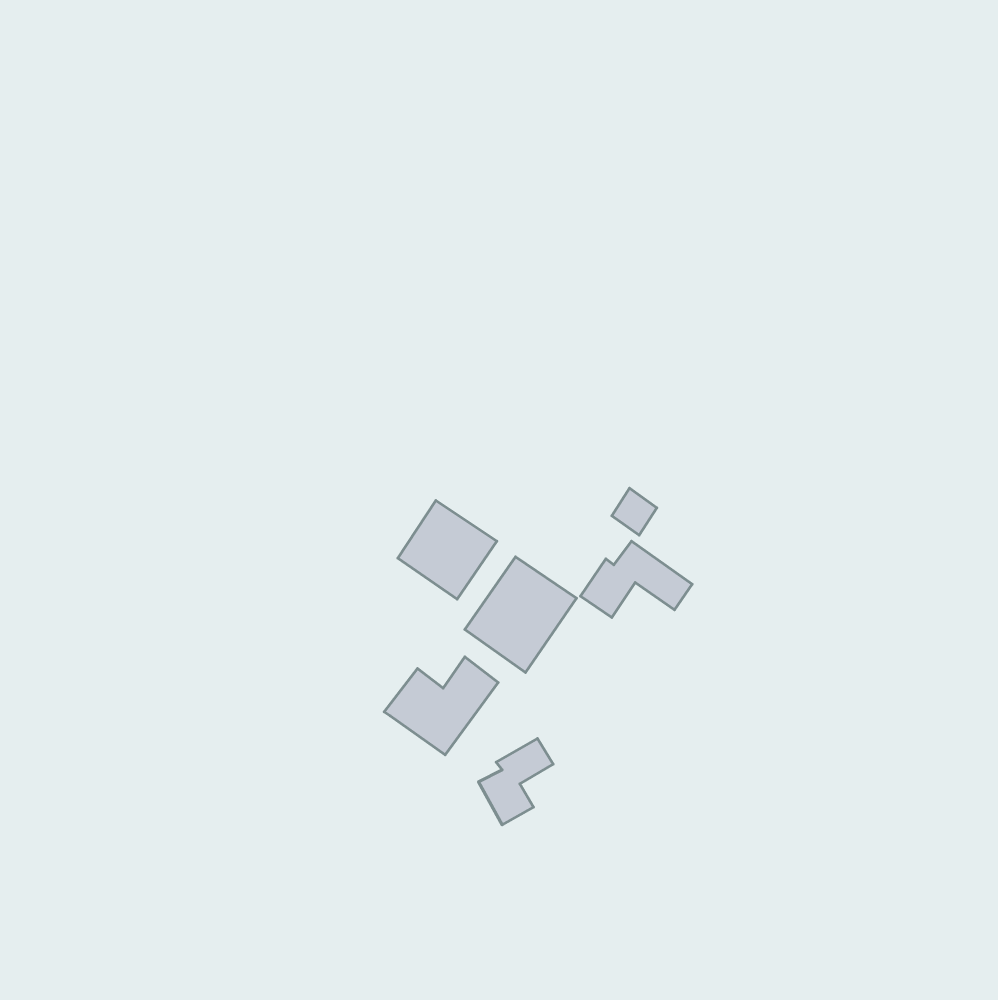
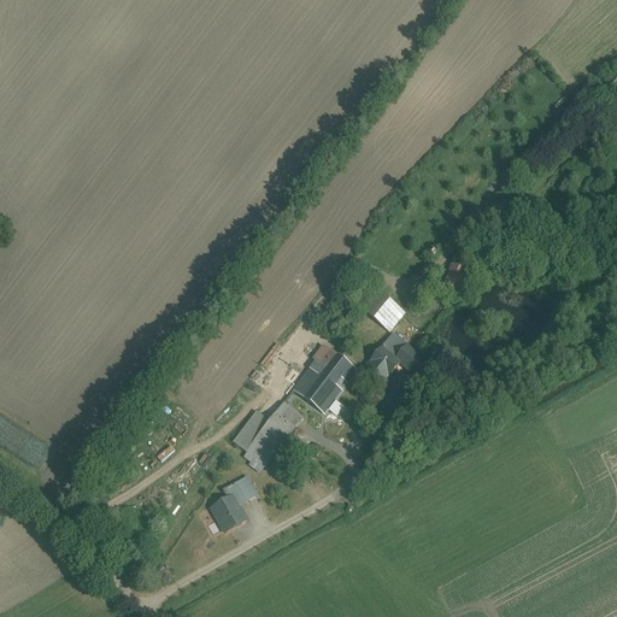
building: [398,501,497,599] -> none
building: [479,739,553,825] -> [208,475,254,528]

